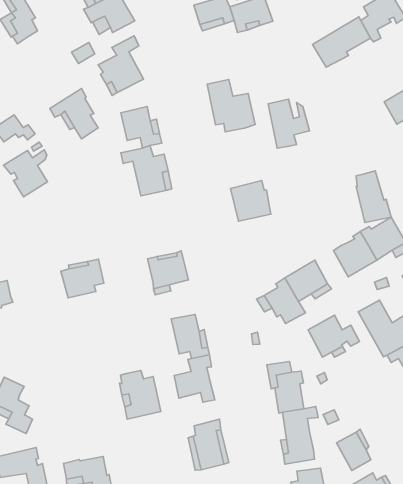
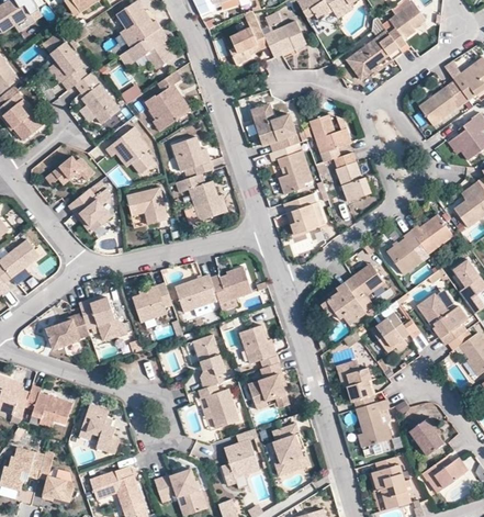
building: none -> [76,74,119,122]
building: none -> [269,146,312,193]
building: none -> [127,188,168,225]
building: [356,171,391,222] -> [334,151,371,201]
building: none -> [177,274,221,314]
building: none -> [80,297,128,341]
building: none -> [195,335,227,389]
building: none -> [222,438,260,484]

